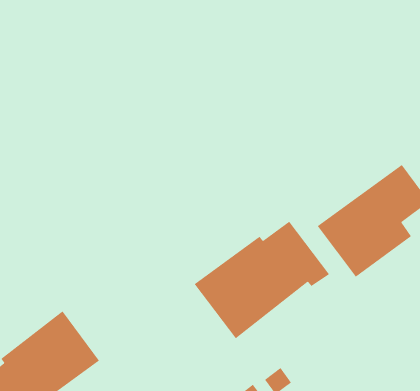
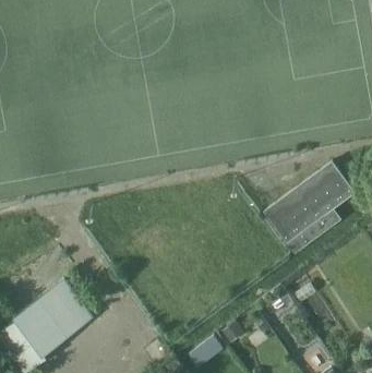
building: [194,221,330,339] -> none

